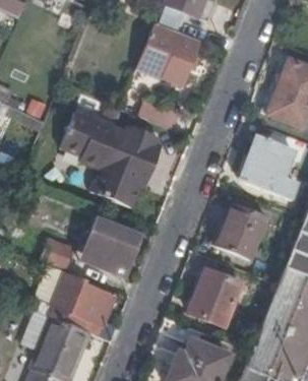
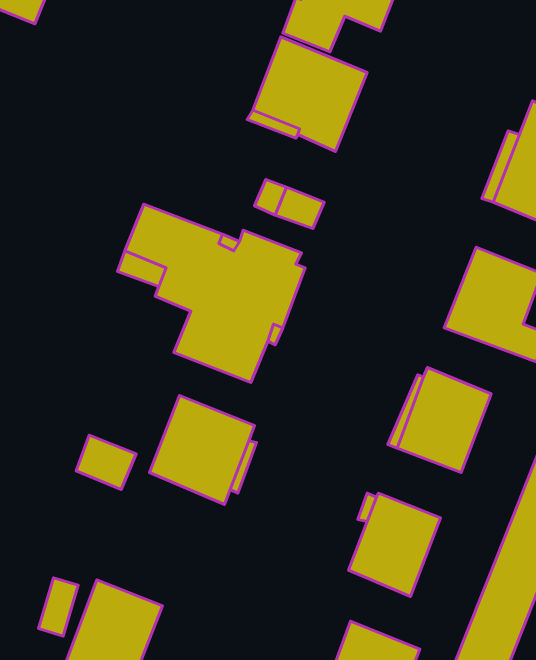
building: [52,270,114,332] -> none

